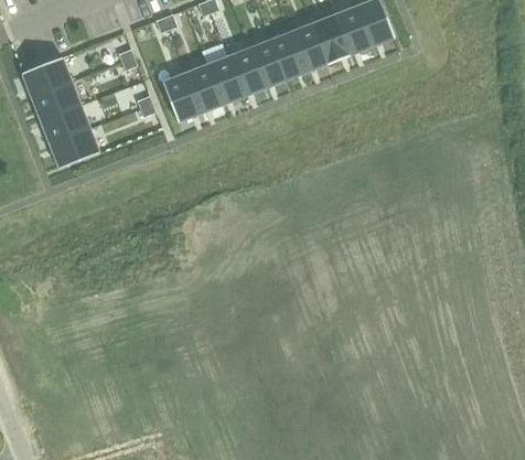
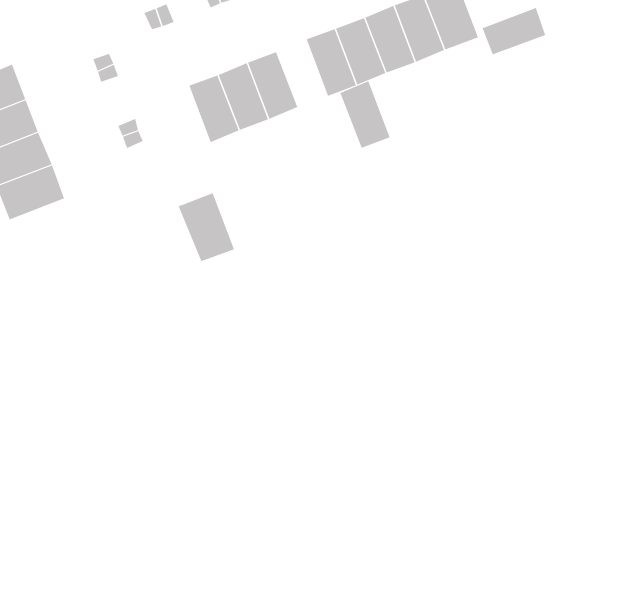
building: none -> [482,7,546,55]
building: [249,39,286,87] -> [339,80,390,148]
building: [161,72,202,121] -> [178,192,235,262]

